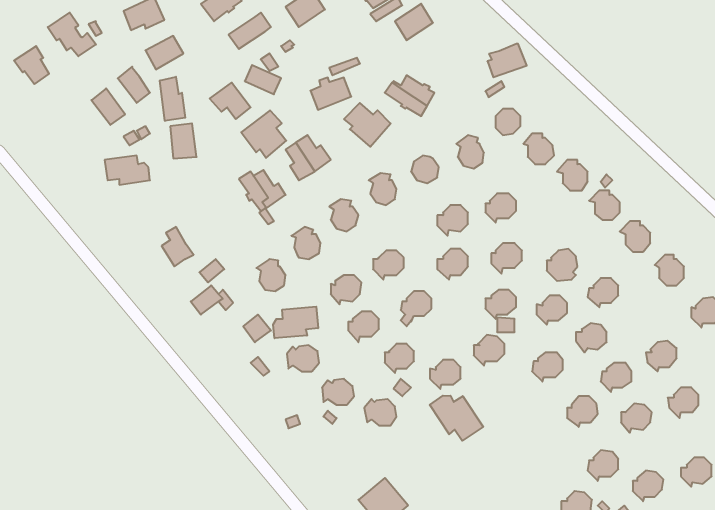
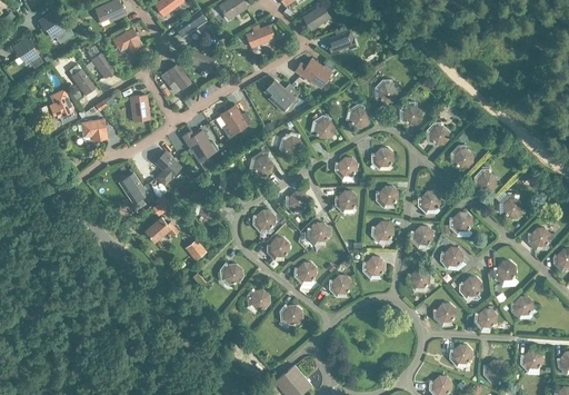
building: [487,44,527,77] -> [327,30,357,56]
building: [160,77,185,121] -> none
building: [310,78,351,110] -> [244,24,276,49]
building: [241,110,286,158] -> none
building: none -> [48,89,77,124]
building: none -> [153,150,181,186]
building: [273,307,318,338] -> none
building: [430,396,483,441] -> none

